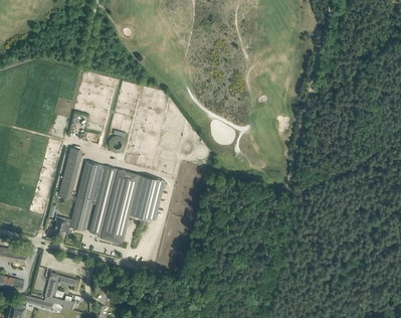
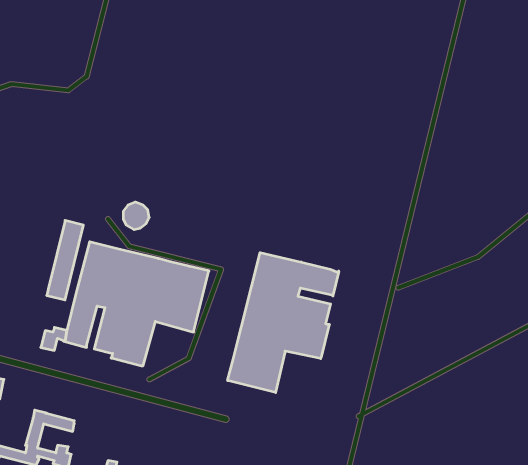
building: none -> [228,253,339,393]

